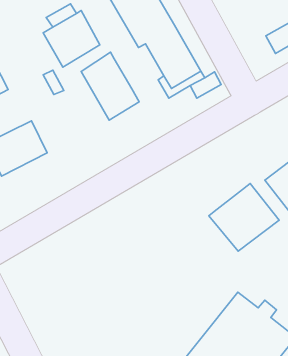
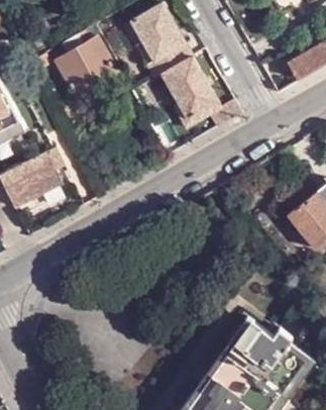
building: [81,52,139,120] -> none
building: [209,184,279,251] -> none

